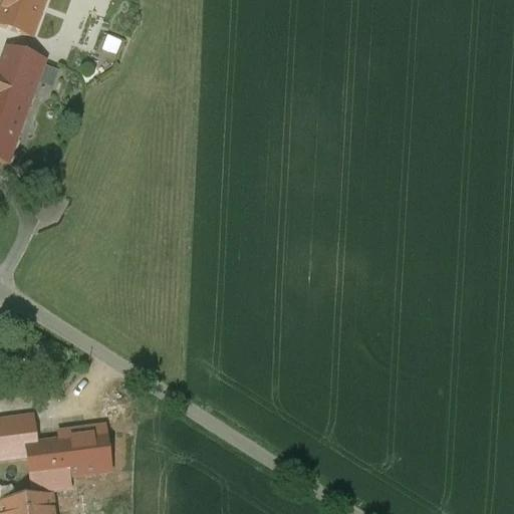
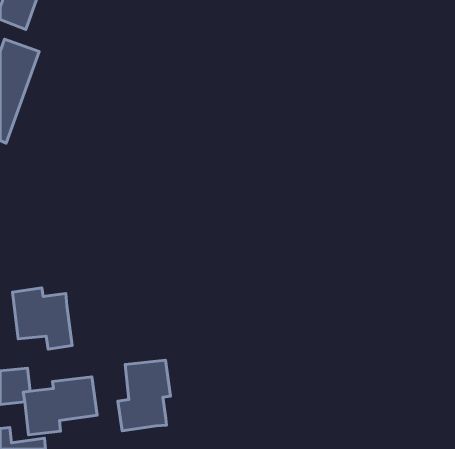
building: none -> [13,288,72,349]
building: none -> [118,360,170,431]

